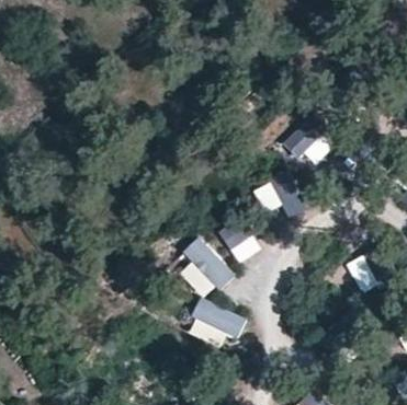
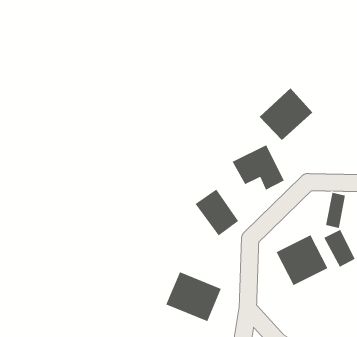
building: [173,235,233,297] -> none
building: none -> [276,234,328,286]

